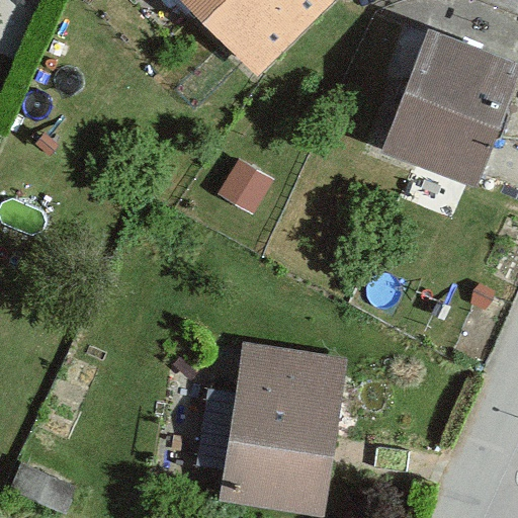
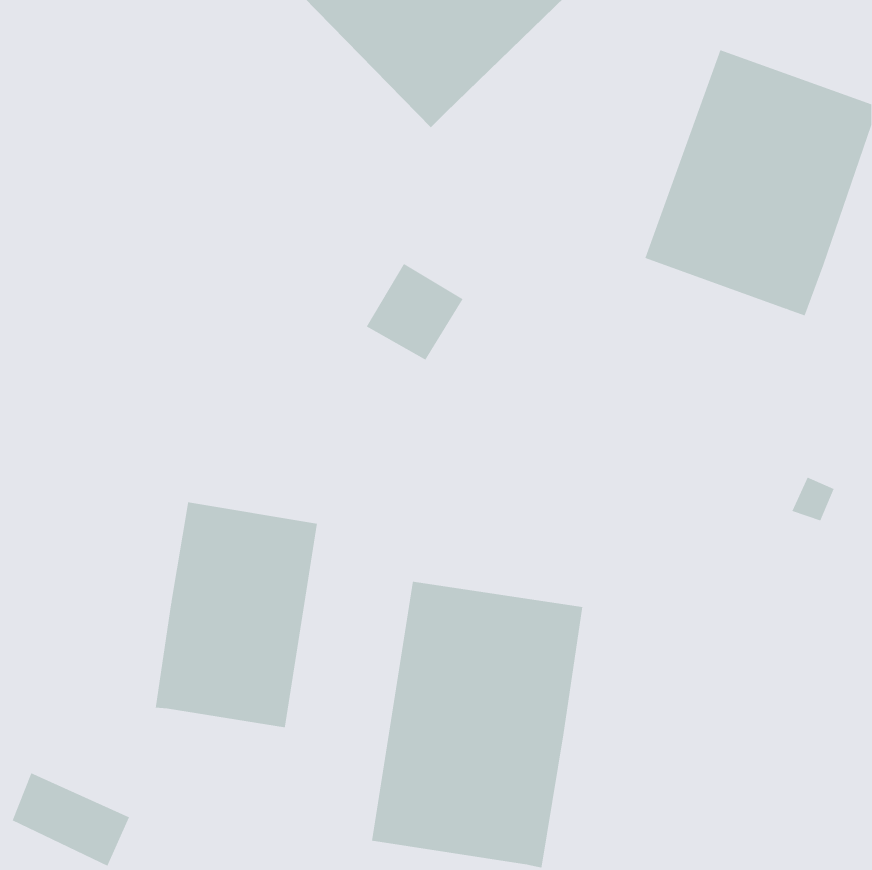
building: none -> [155,502,318,728]

